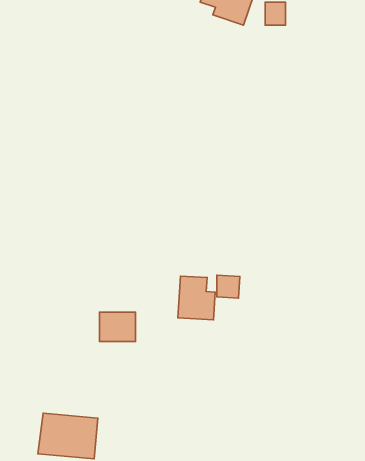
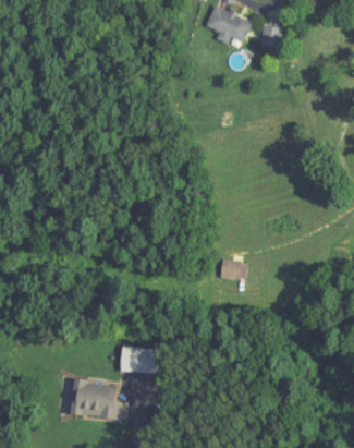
building: [178,276,215,320] -> none
building: [100,312,135,341] -> [121,346,151,371]

